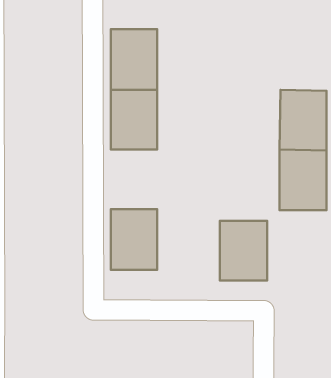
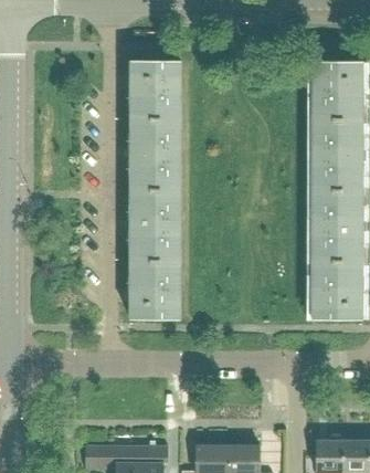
building: none -> [311,62,361,127]
building: none -> [129,190,179,254]
building: [220,221,267,281] -> [310,255,361,319]

